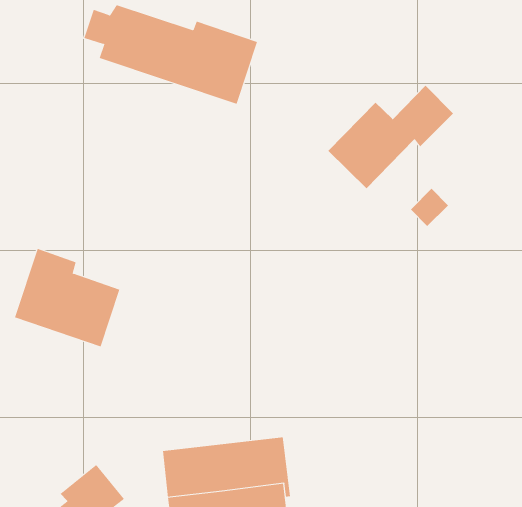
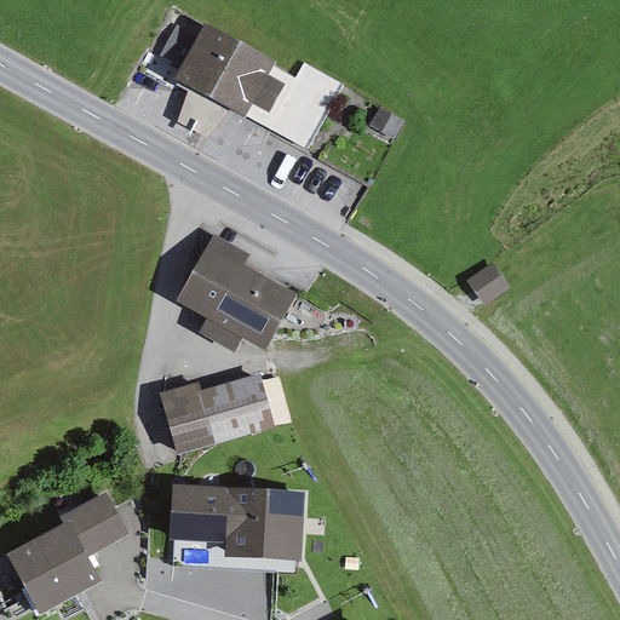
building: [328,85,454,189] -> none
building: [14,248,120,347] -> [177,235,289,346]
building: none -> [160,372,275,452]

